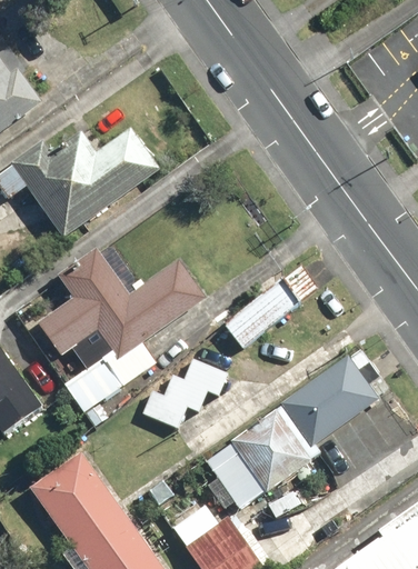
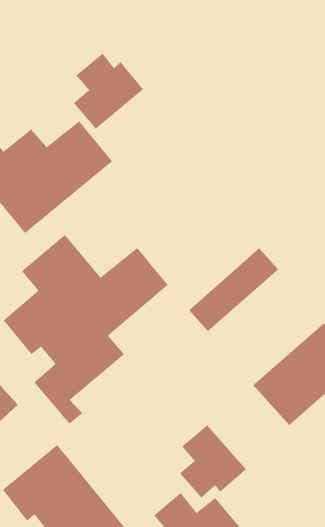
building: none -> [73,53,144,129]
building: [140,359,227,431] -> none
building: [232,406,316,489] -> none

